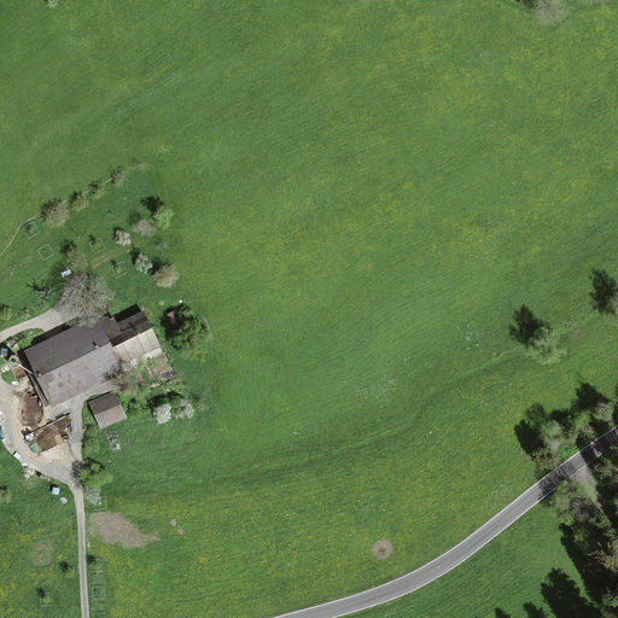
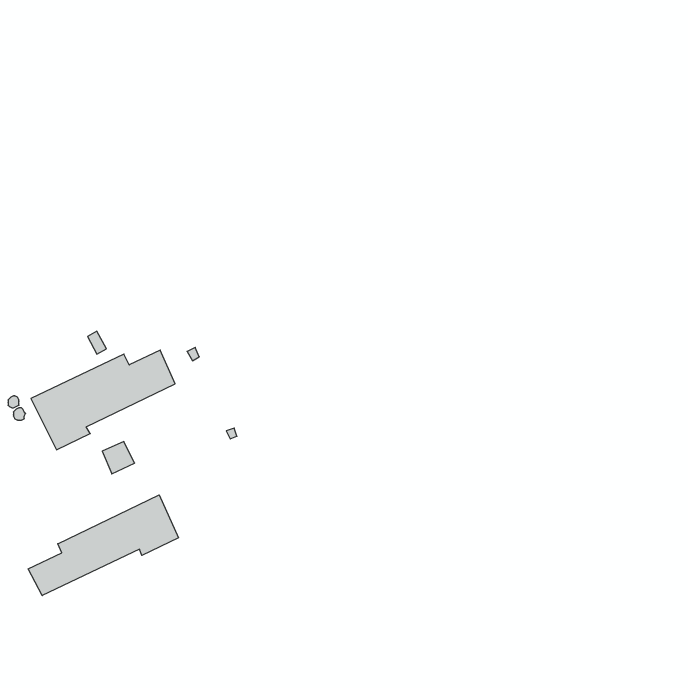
building: none -> [28,495,178,596]

